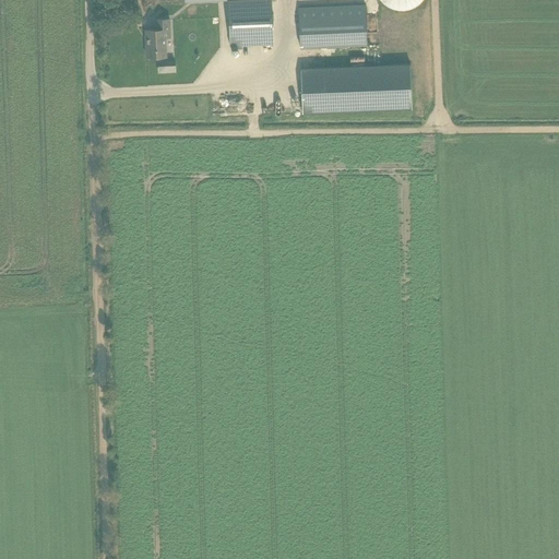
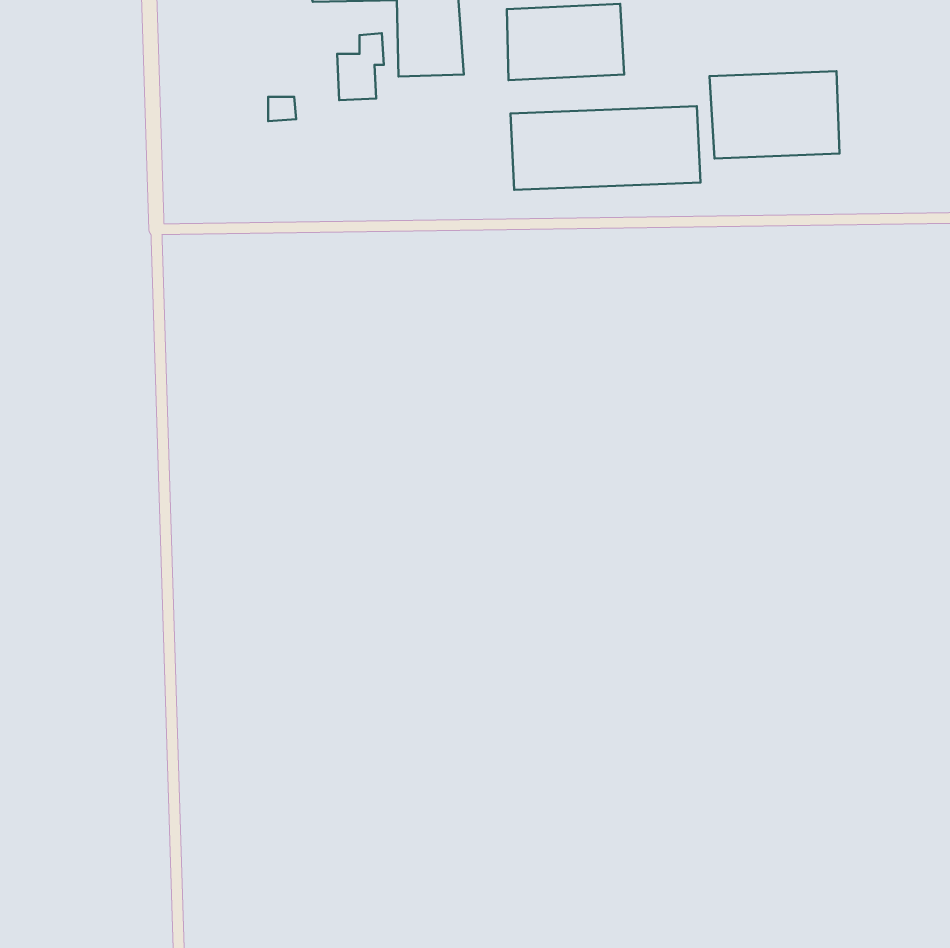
building: [144,15,171,55] -> [337,33,384,100]
building: none -> [709,71,839,158]

